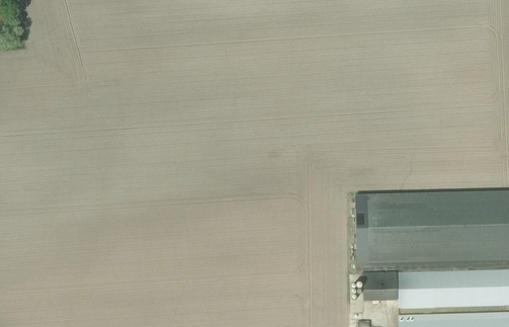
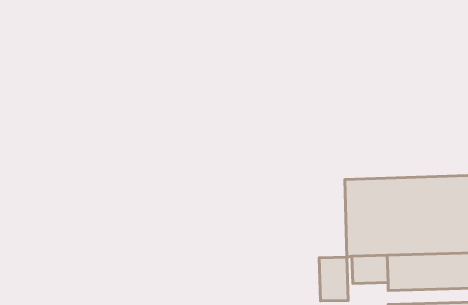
building: none -> [319,257,348,301]

